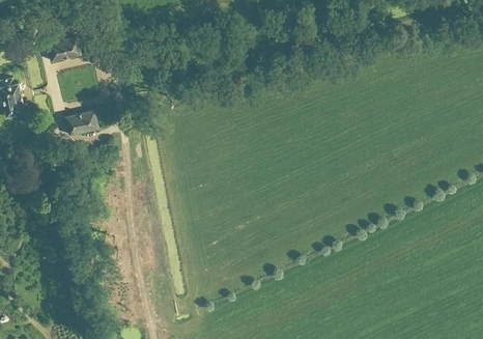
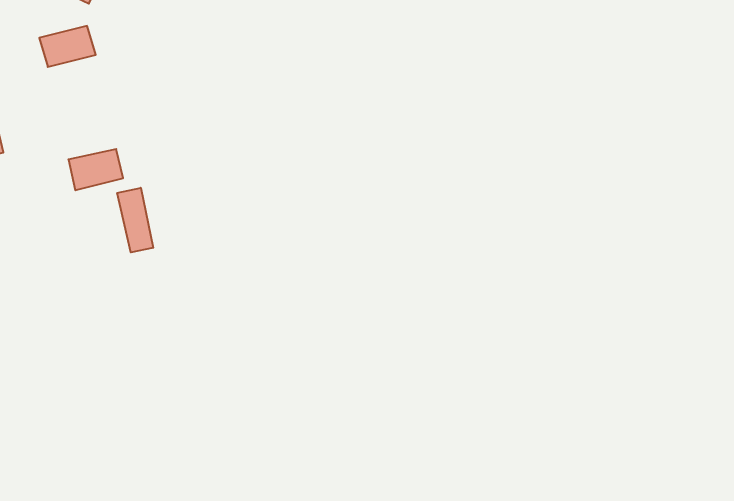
building: none -> [117,188,153,252]

